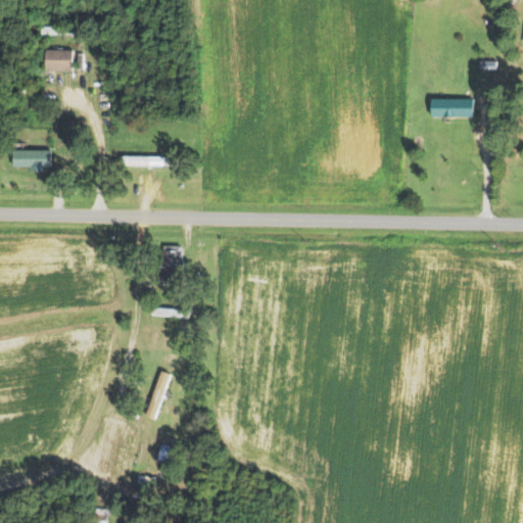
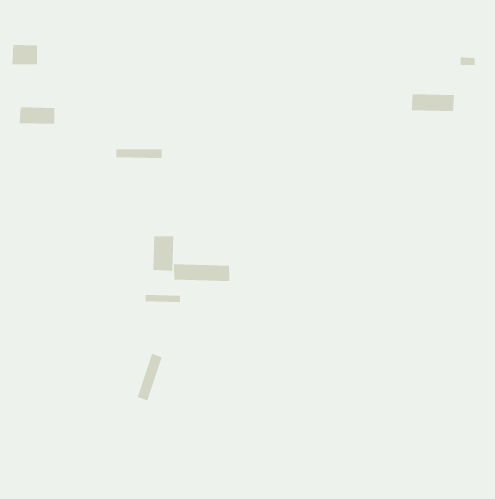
building: [46,49,74,70] -> [11,44,38,65]
building: [13,149,51,168] -> [19,107,55,124]
building: none -> [173,264,230,282]

